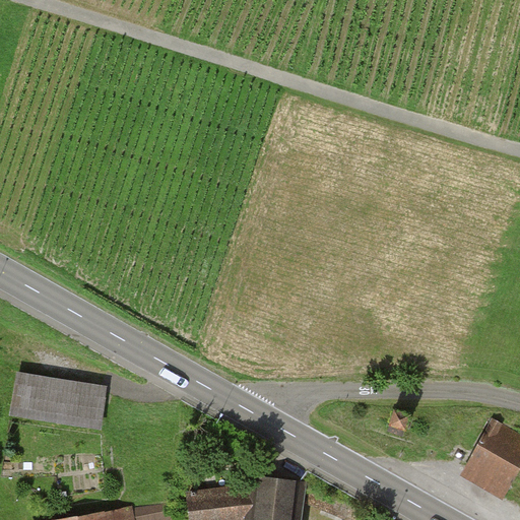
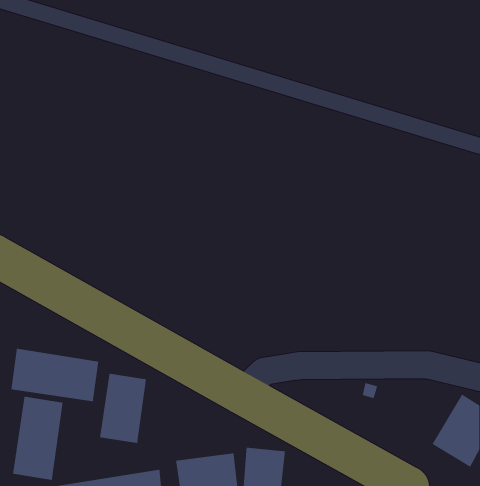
building: none -> [99,373,147,444]
building: none -> [12,396,63,481]

